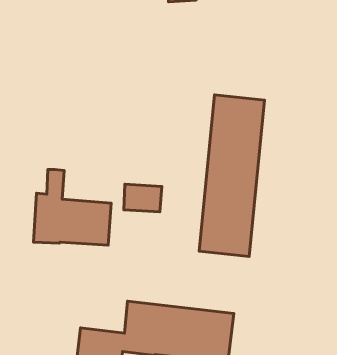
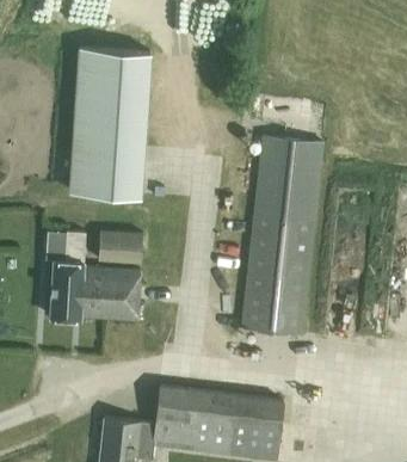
building: none -> [72,54,153,208]
building: [124,184,162,212] -> [98,232,142,264]

